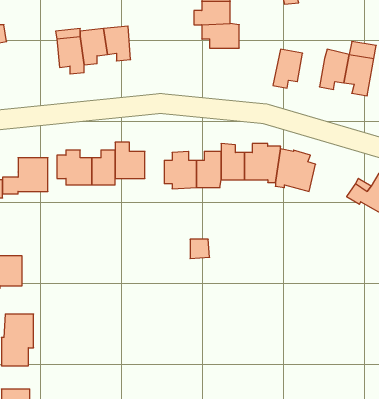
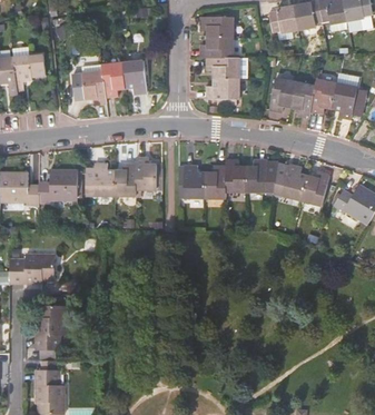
building: none -> [207,77,239,103]
building: none -> [289,81,313,116]
building: none -> [299,171,327,205]

